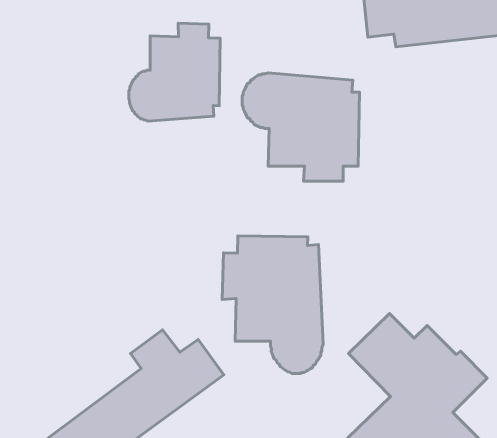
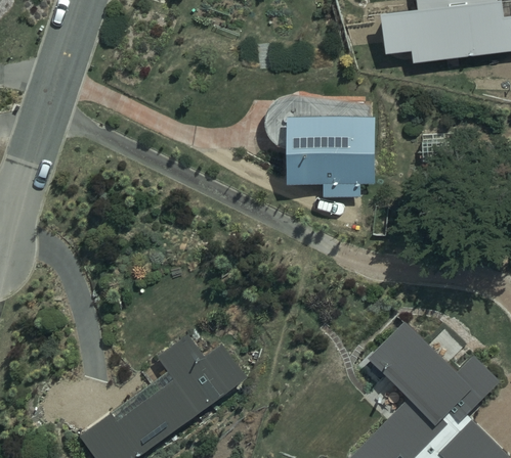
building: [129,23,220,121] -> none
building: [222,236,323,374] -> none

